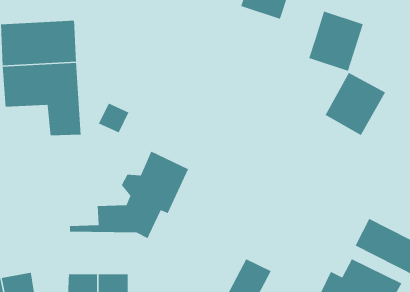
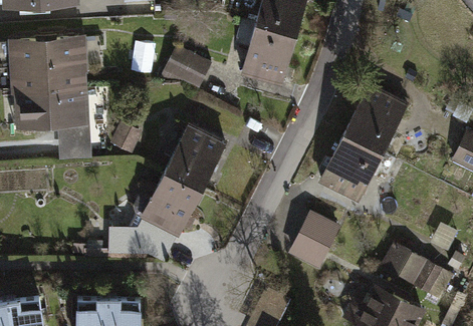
building: [308,10,364,72] -> [241,22,299,86]
building: none -> [161,44,210,88]
building: none -> [164,125,227,192]
building: none -> [319,135,384,203]
building: none -> [284,210,340,272]

